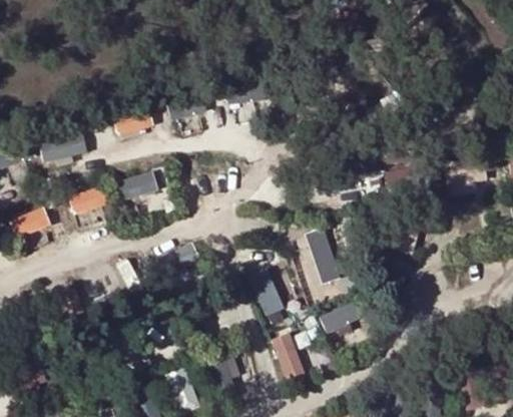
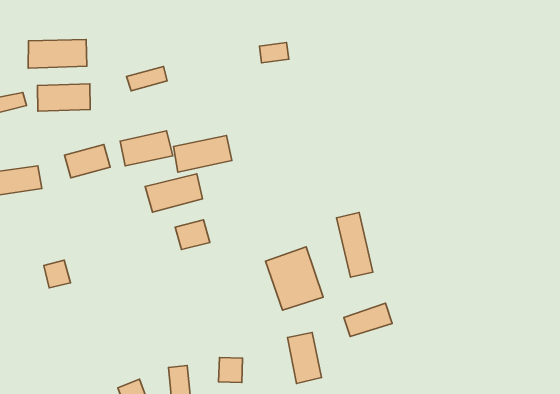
building: none -> [28,39,87,68]
building: none -> [174,135,232,172]
building: none -> [145,174,202,212]

